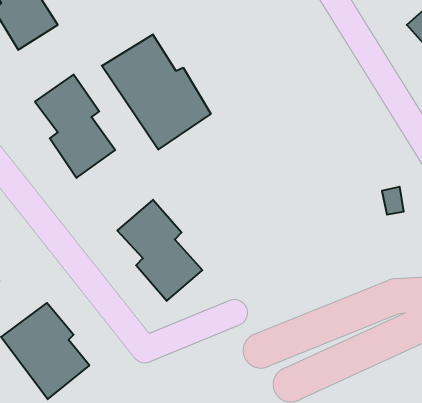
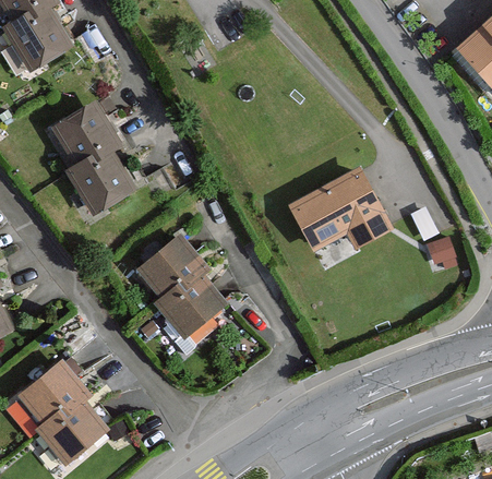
building: [102,34,211,150] -> none
building: none -> [287,165,392,249]

